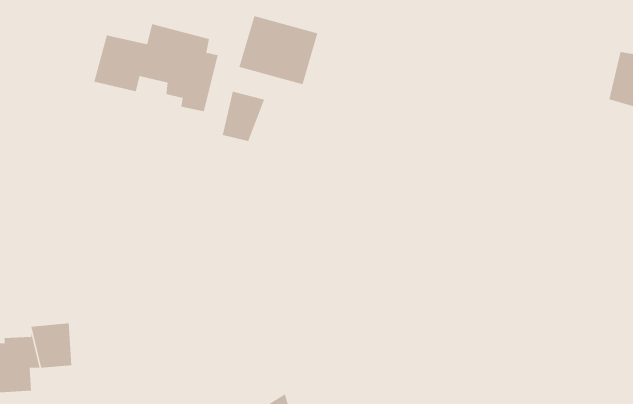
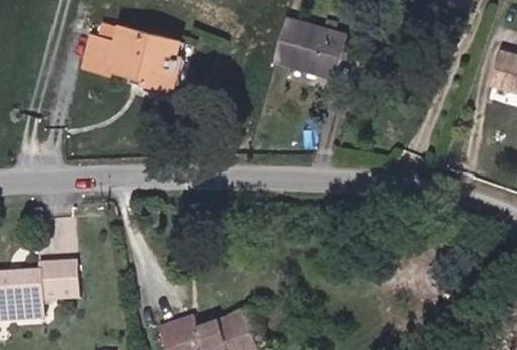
building: [239,15,318,85] -> [285,25,348,81]
building: [222,91,265,142] -> none

